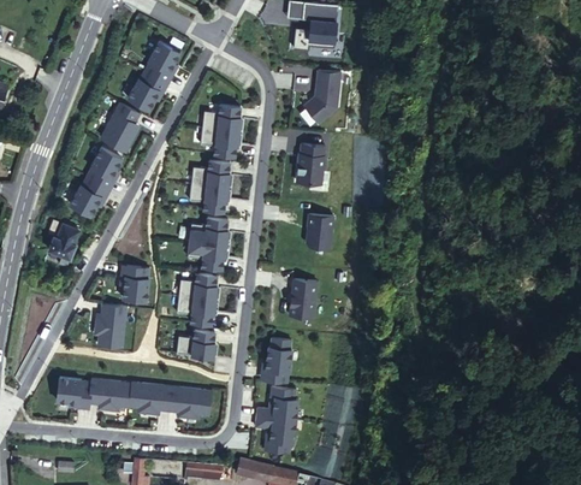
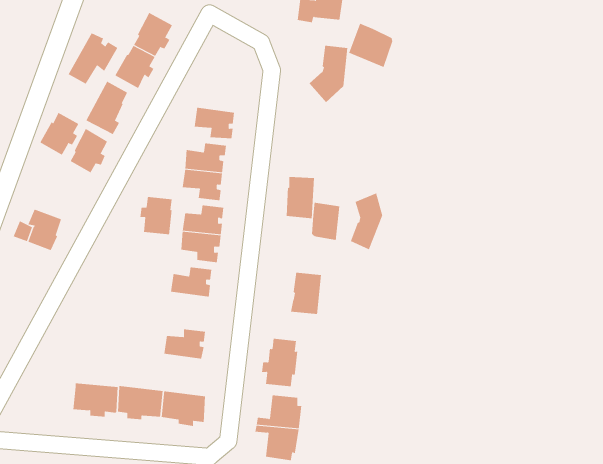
building: none -> [348,23,393,68]
building: none -> [68,33,118,84]
building: [202,105,241,132] -> none
building: [298,146,325,184] -> [286,177,315,219]
building: [70,177,106,217] -> [40,112,79,156]
building: none -> [350,192,383,250]
building: [119,266,149,301] -> [139,196,172,235]
building: [177,297,214,325] -> none
building: [95,304,128,348] -> none
building: [57,379,91,409] -> none

